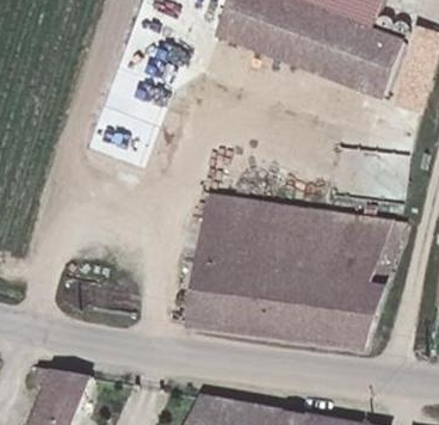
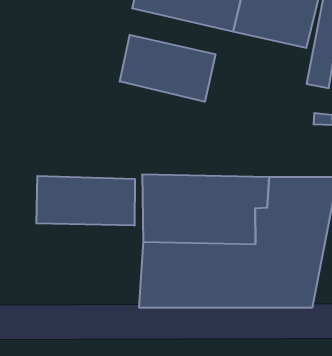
building: none -> [120,35,215,102]
building: none -> [36,176,135,226]

